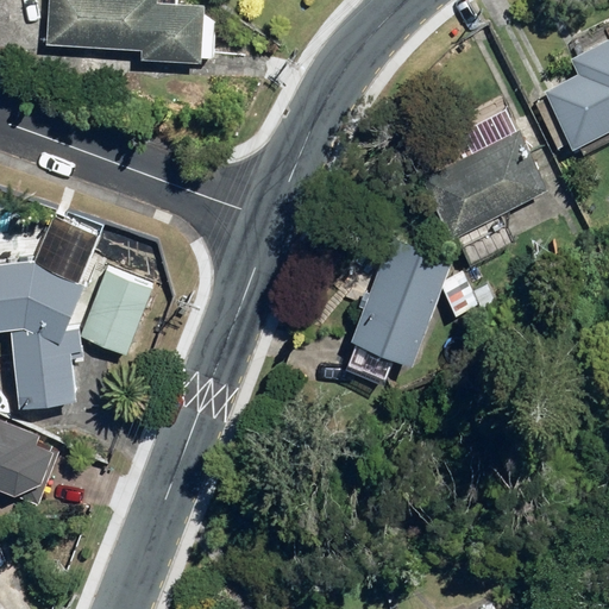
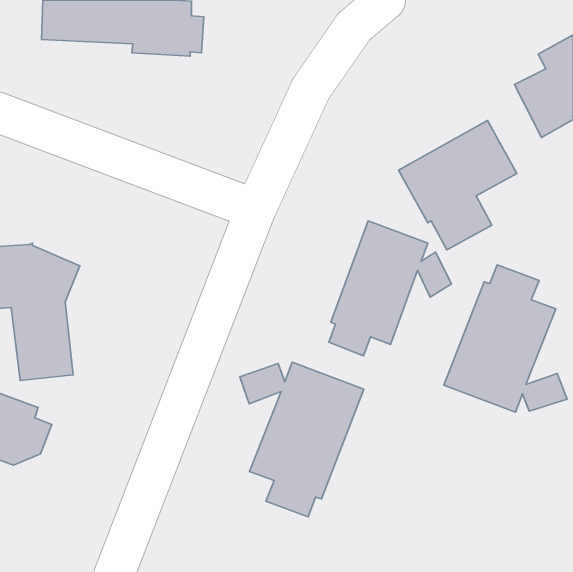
building: [80,270,155,357] -> none
building: none -> [444,265,567,412]
building: none -> [240,362,364,517]

